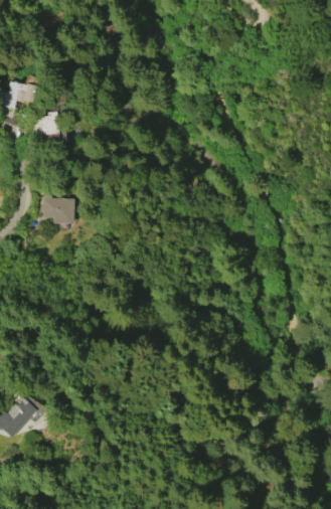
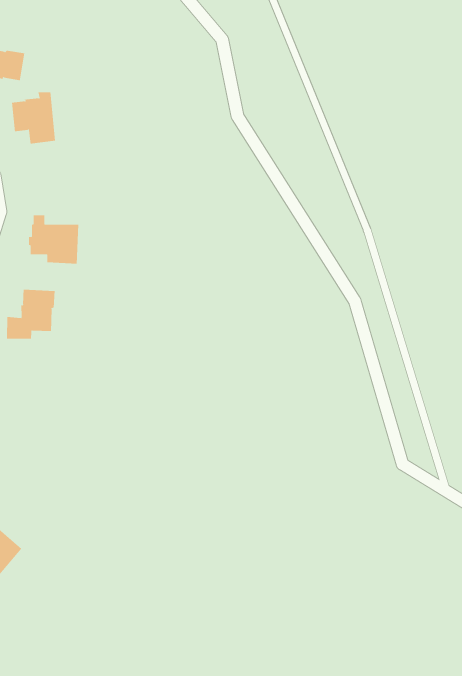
building: none -> [6,289,55,340]

